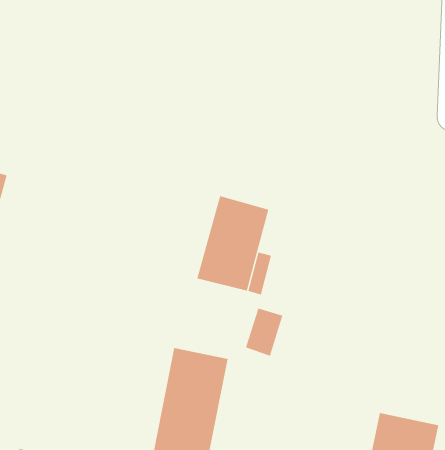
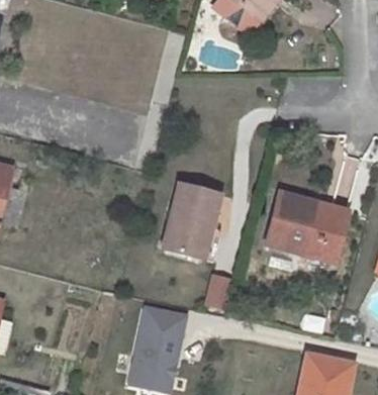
building: none -> [265,194,347,262]

